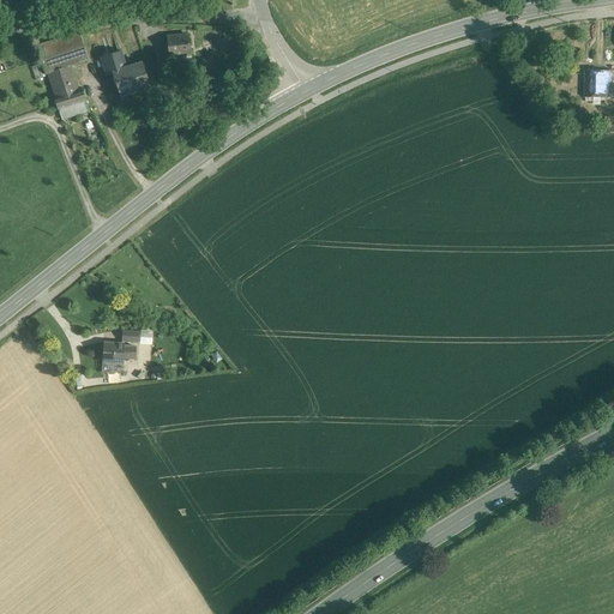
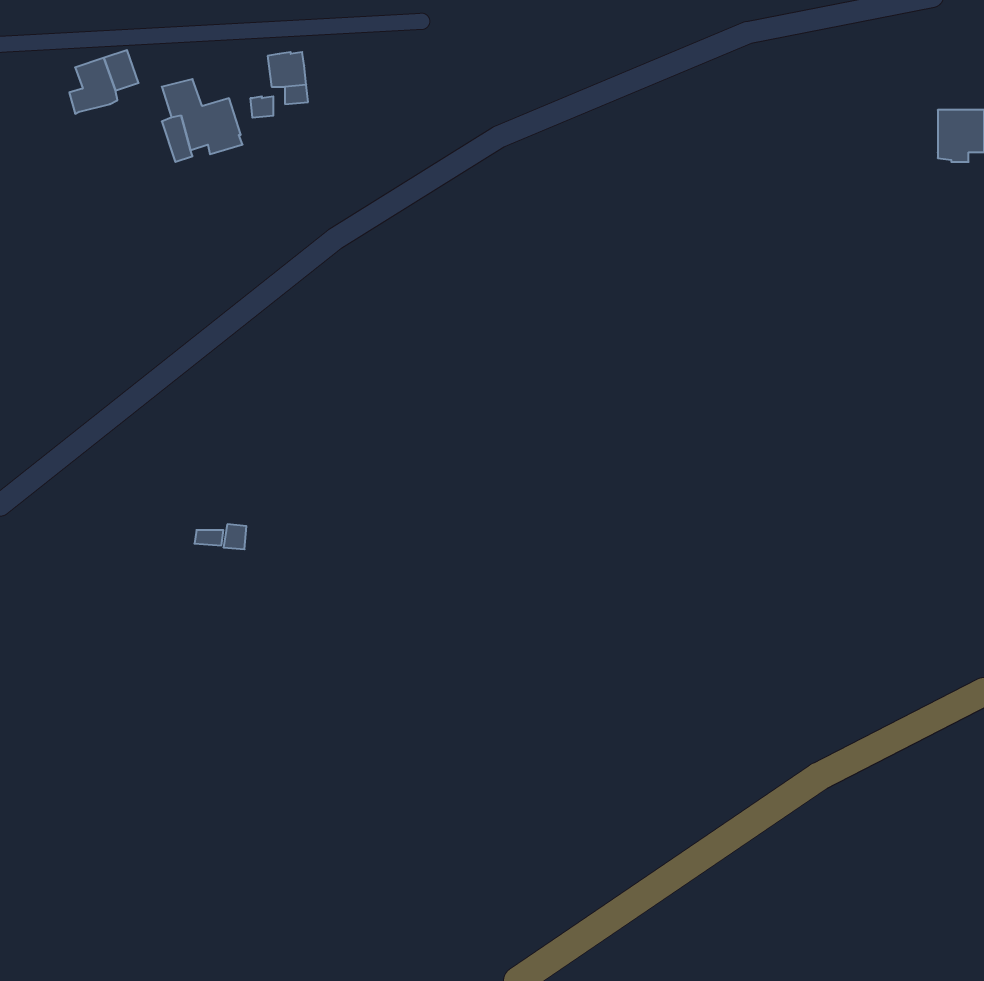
building: [49,65,86,108] -> none
building: [102,341,136,361] -> none

